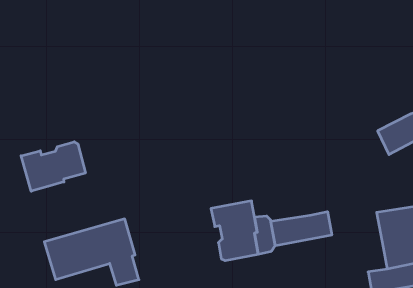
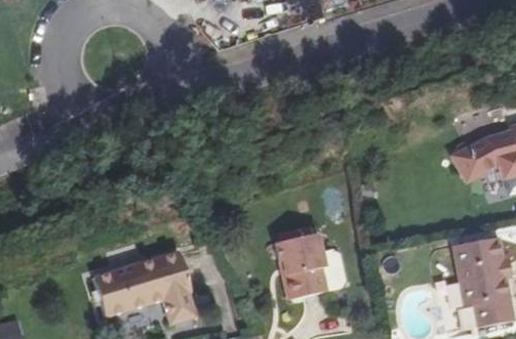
building: [21,142,85,191] -> none
building: [271,212,332,246] -> none

